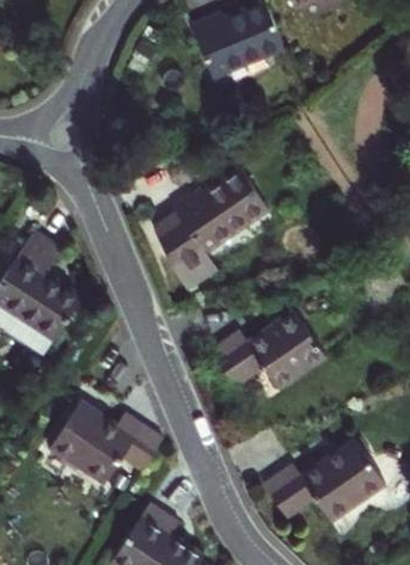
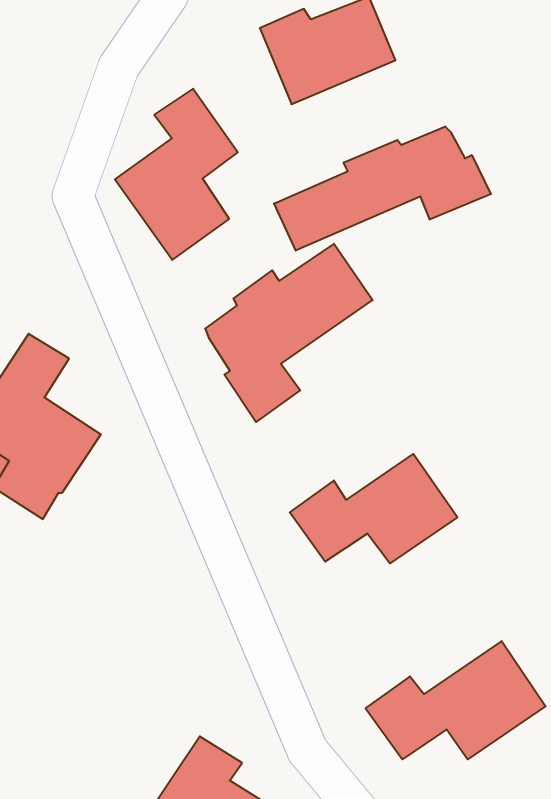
building: none -> [115,89,238,260]
building: none -> [274,126,491,251]
building: [49,403,164,484] -> none

